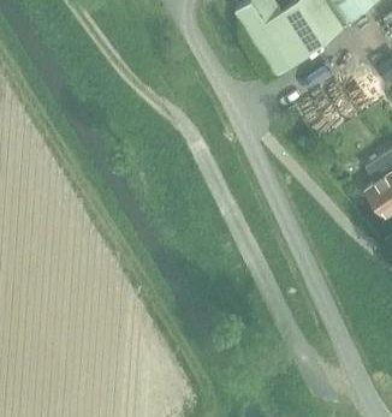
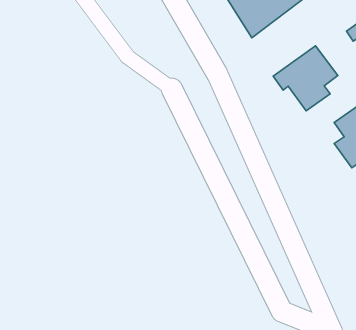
building: none -> [273,46,338,111]

